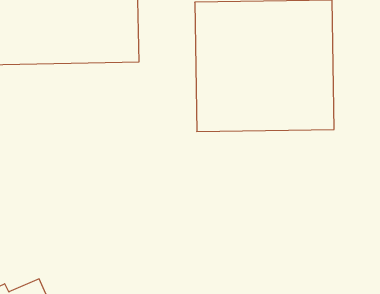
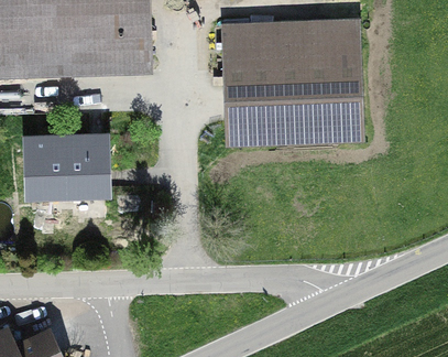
building: none -> [10,140,99,209]

